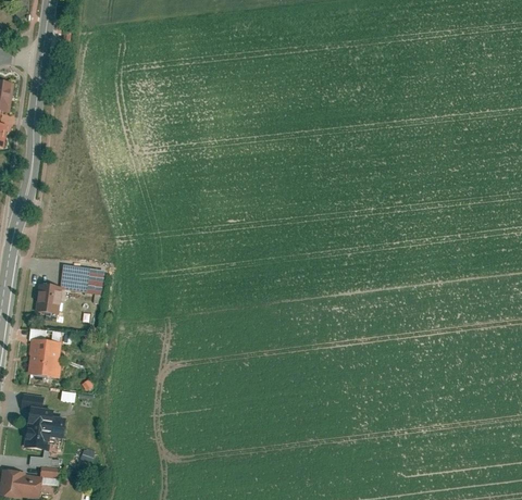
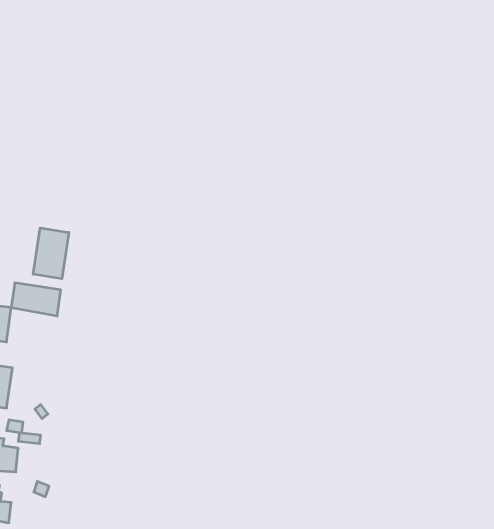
building: none -> [33,228,69,279]

